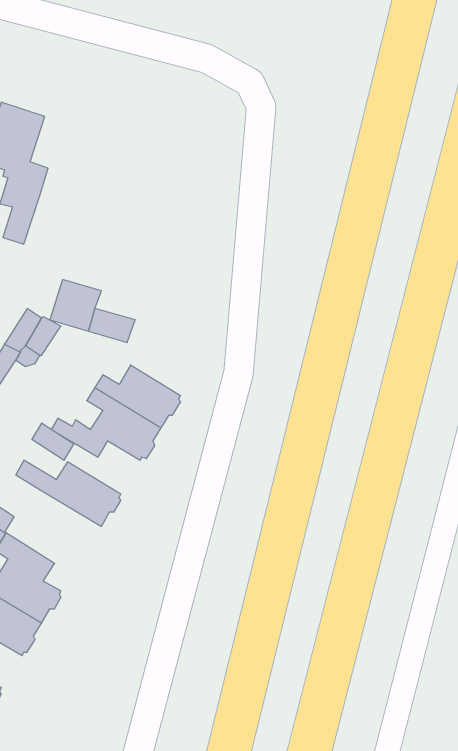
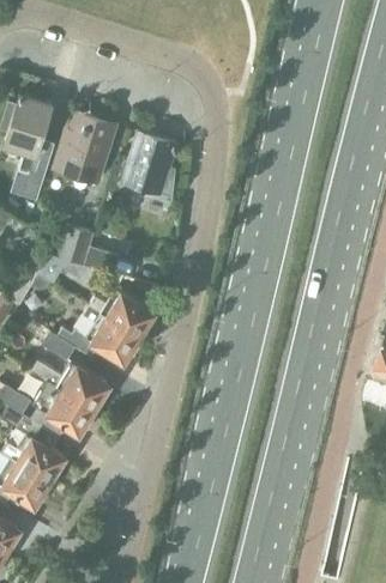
building: none -> [55,115,116,178]
building: none -> [123,132,179,204]
building: none -> [32,382,95,433]

